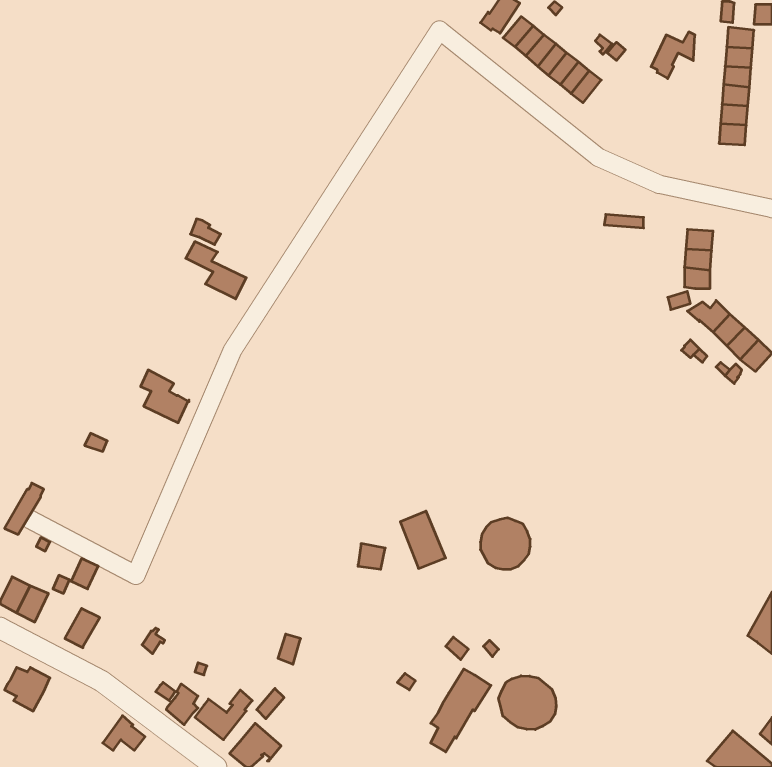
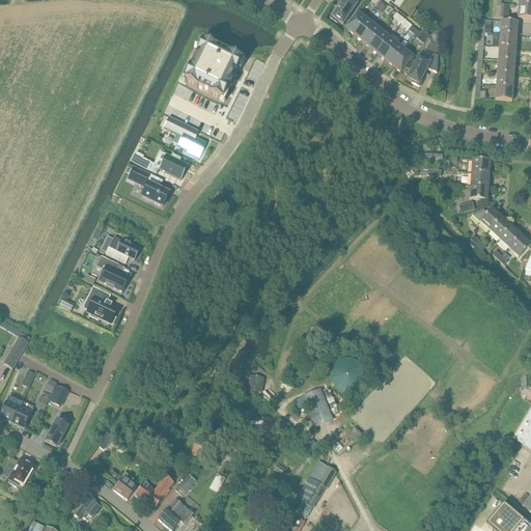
building: [651,32,695,79] -> [408,53,438,85]
building: none -> [188,39,245,95]
building: none -> [163,115,206,158]
building: none -> [160,152,188,177]
building: none -> [105,235,141,262]
building: none -> [87,285,117,323]
building: [400,511,446,568] -> [302,387,333,426]
building: [499,676,556,730] -> none

